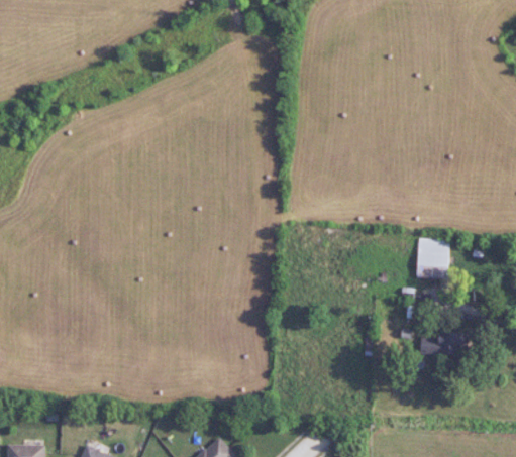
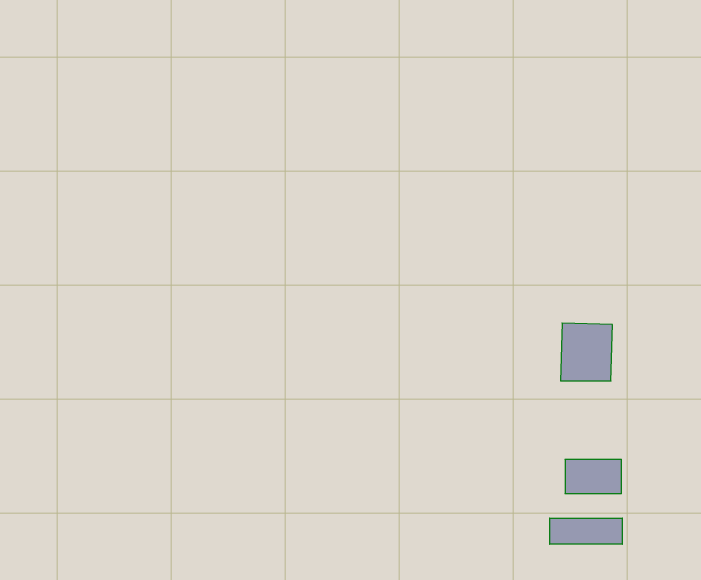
building: none -> [550,518,622,544]

